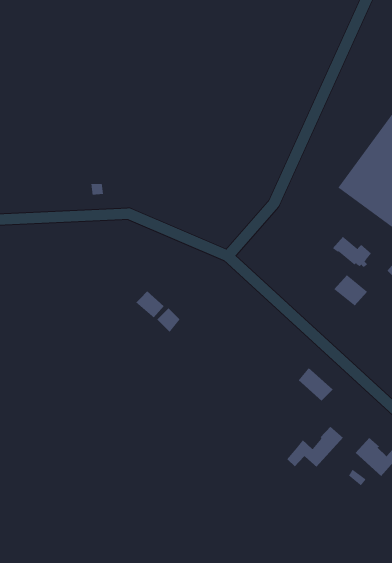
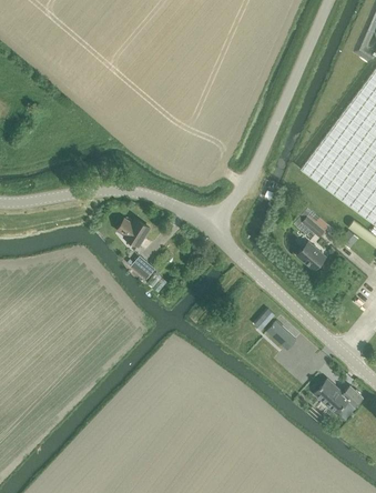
building: none -> [120,219,152,245]
building: [287,426,344,468] -> none

